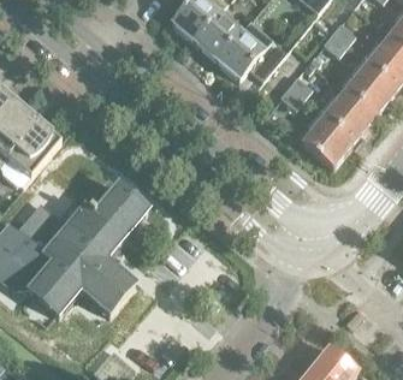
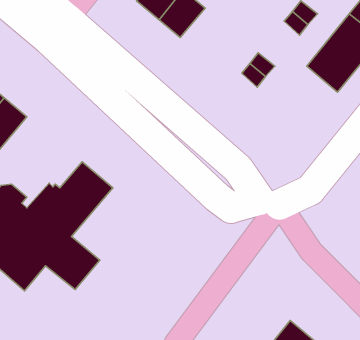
building: [217,28,288,79] -> none
building: [302,87,377,166] -> none

